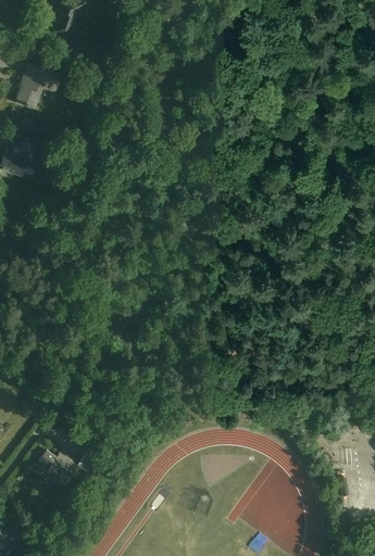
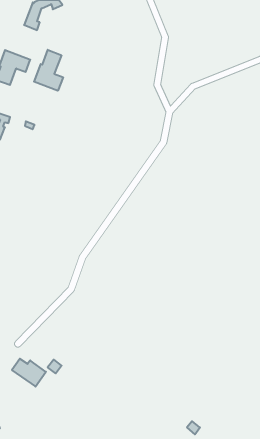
building: none -> [34,50,63,91]

